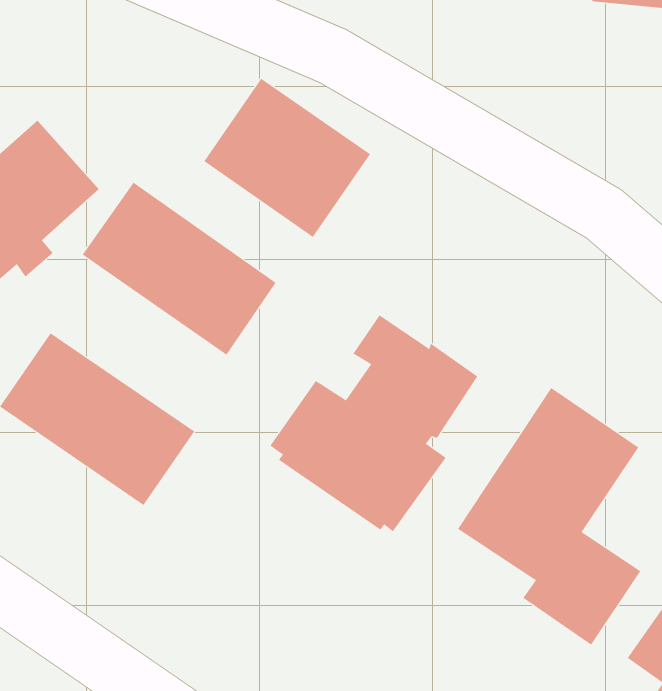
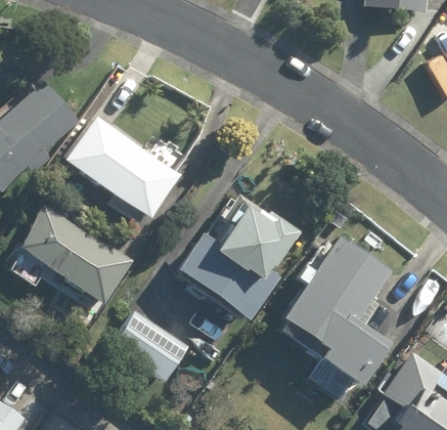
building: [203,78,371,238] -> none
building: none -> [111,311,186,380]

